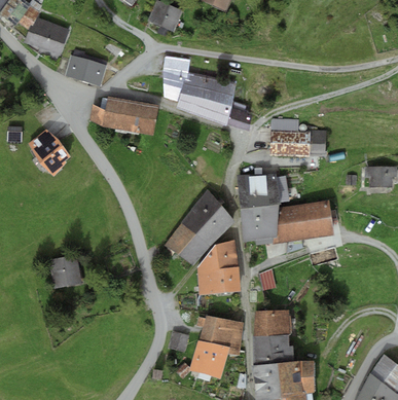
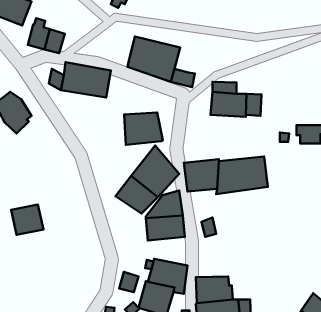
building: [162,53,188,97] -> none
building: [238,173,281,209] -> [124,113,163,145]
building: [254,310,291,336] -> none

